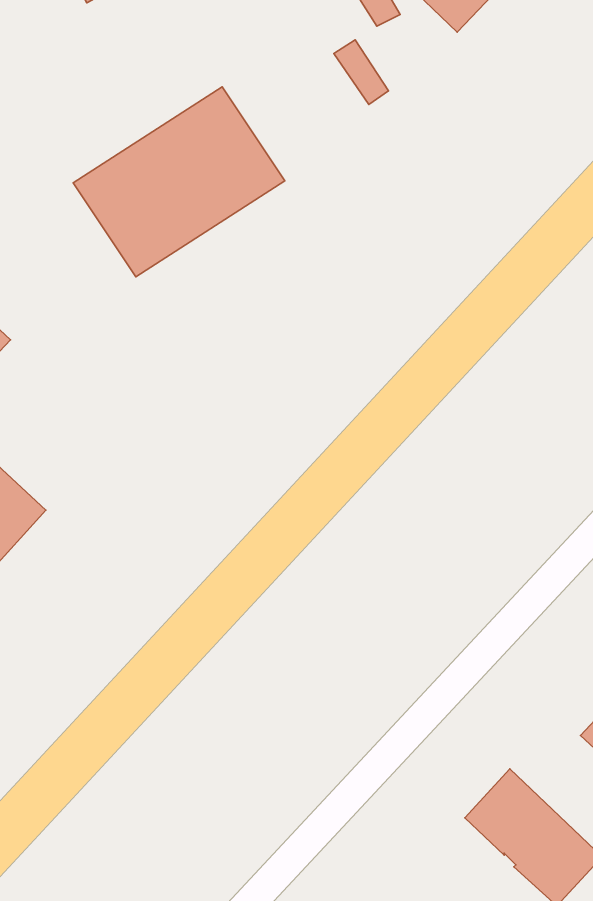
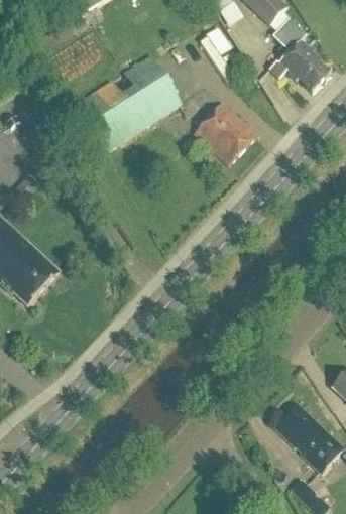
building: none -> [268,19,331,93]
building: none -> [194,103,257,166]

